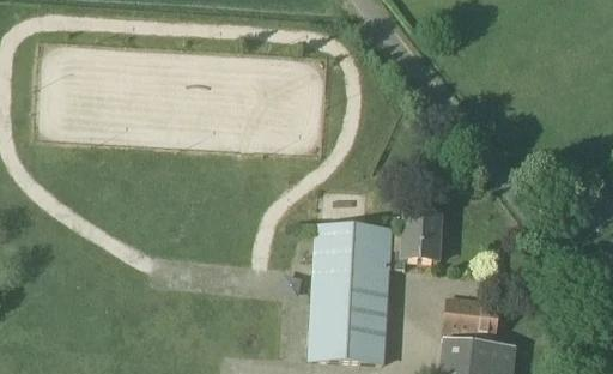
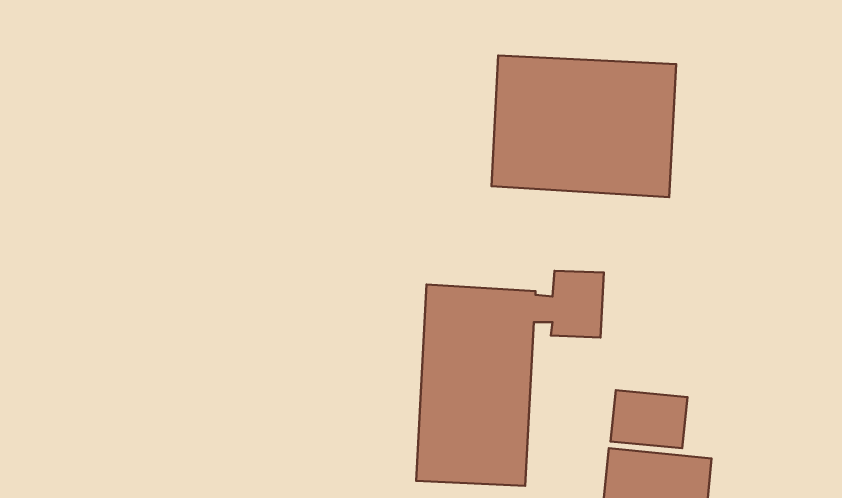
building: none -> [492,56,676,197]

